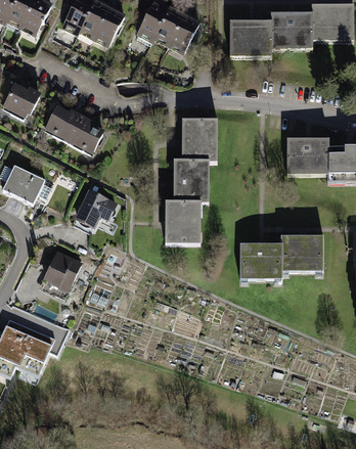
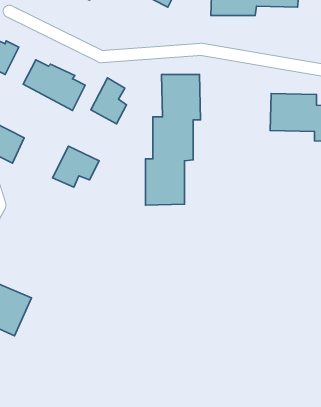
building: none -> [91,78,127,124]
building: [236,235,322,282] -> none
building: [42,250,82,291] -> none

